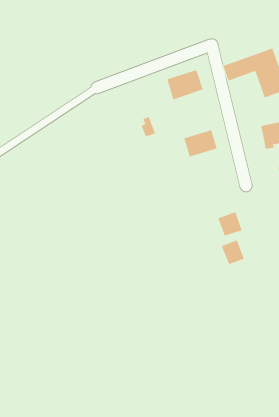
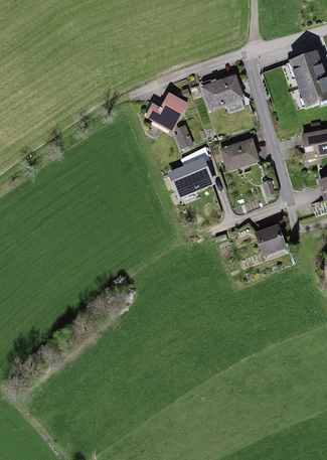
building: none -> [144,94,186,129]
building: none -> [171,159,208,192]
building: [221,240,244,265] -> none

